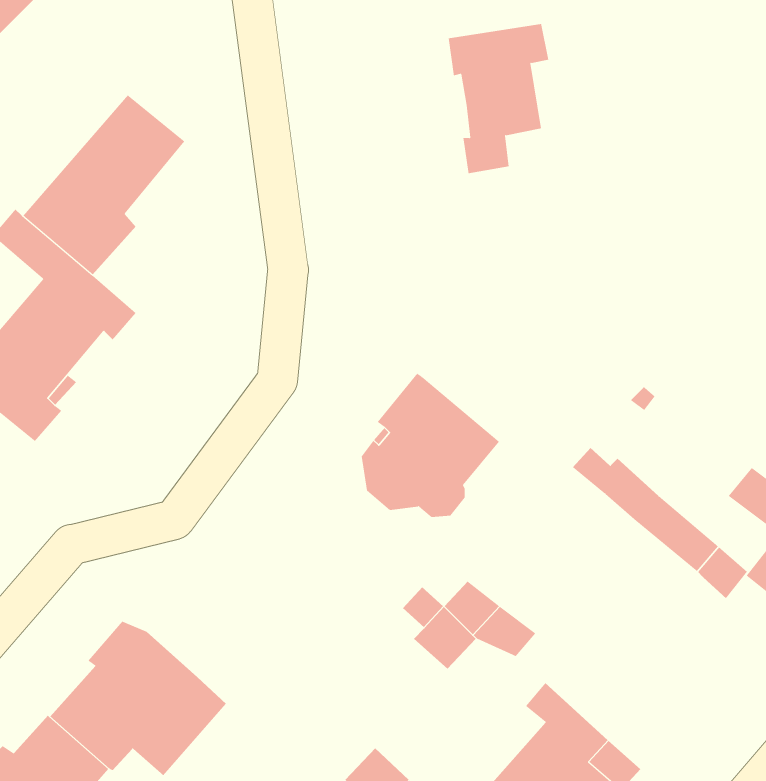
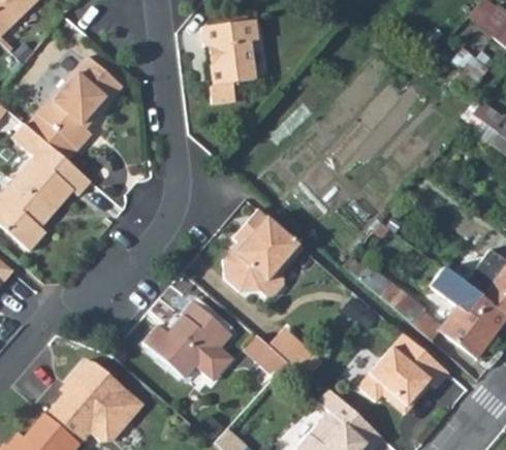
building: [448,24,549,174] -> [199,17,257,102]
building: none -> [143,299,233,381]
building: none -> [357,336,449,417]

